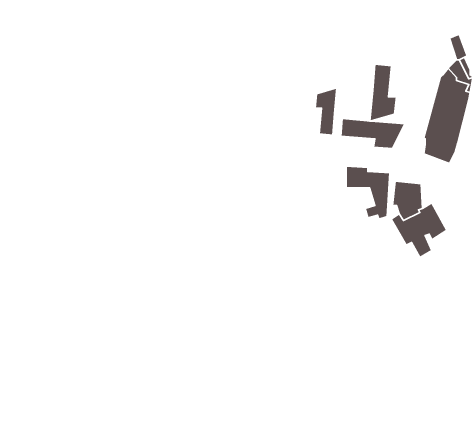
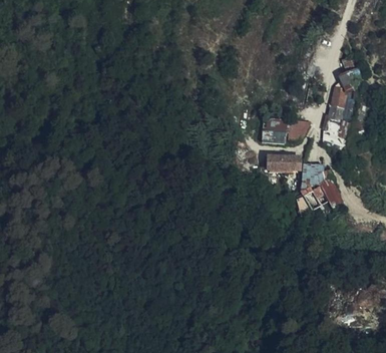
building: [370,64,396,121] -> none
building: [315,88,337,135] -> none

